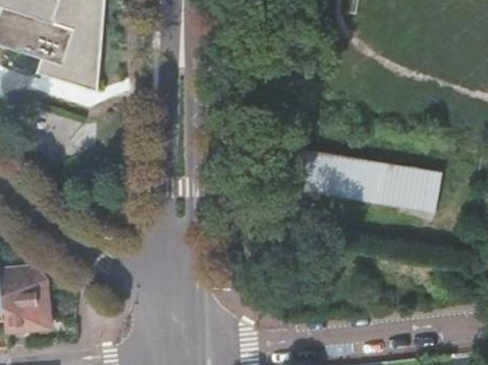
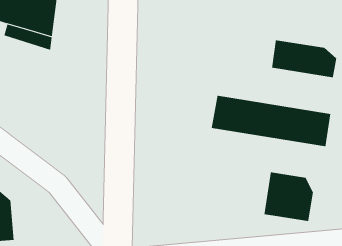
building: none -> [271,39,337,78]
building: none -> [264,172,314,222]

